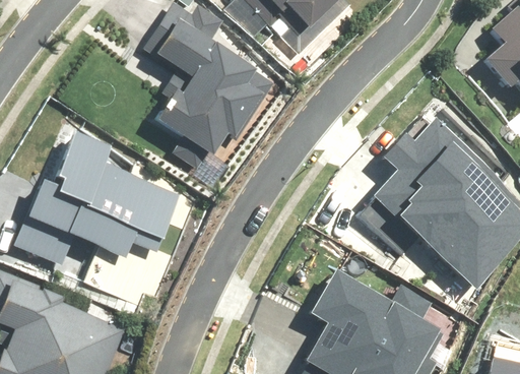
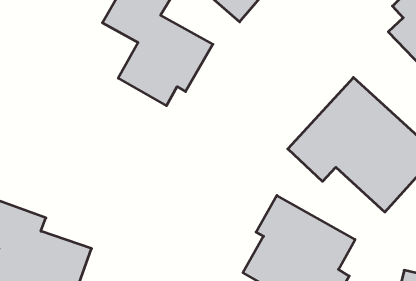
building: [19,130,181,263] -> none

